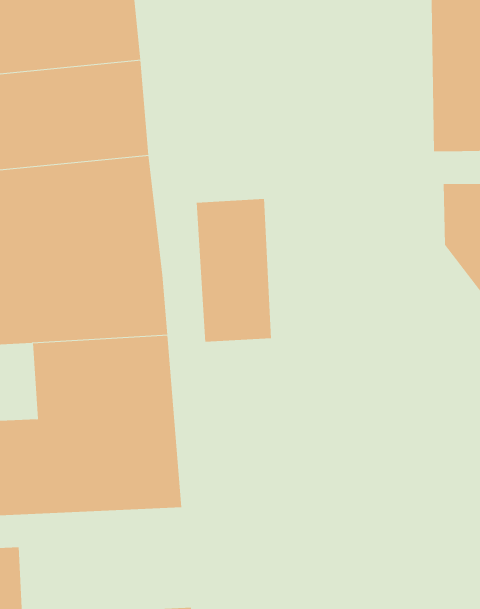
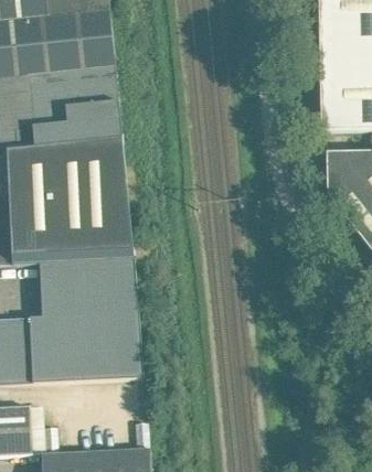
building: [196,198,272,343] -> none

